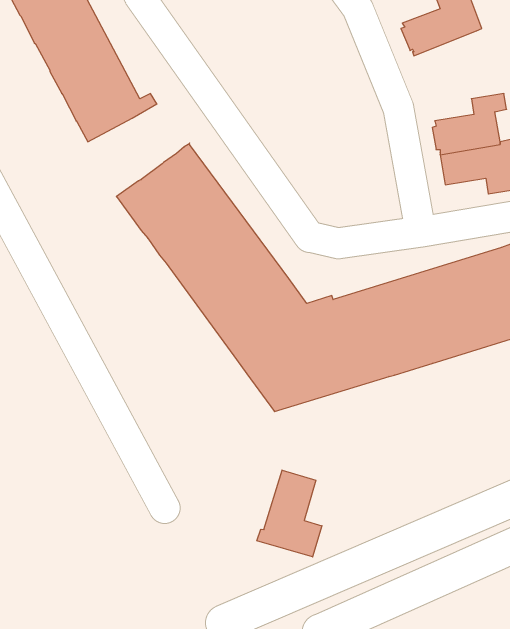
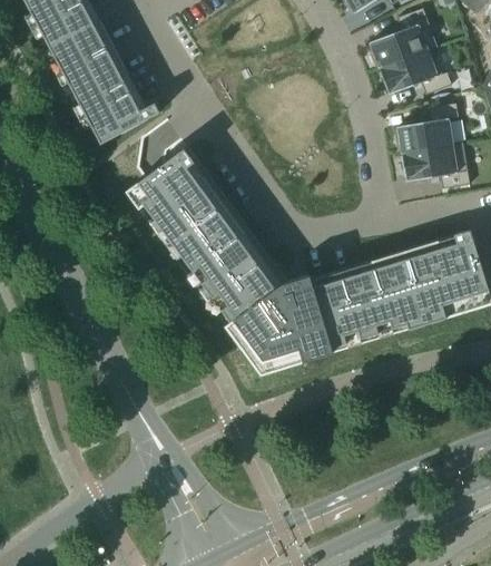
building: none -> [379,49,451,94]
building: [257,470,322,557] -> none

